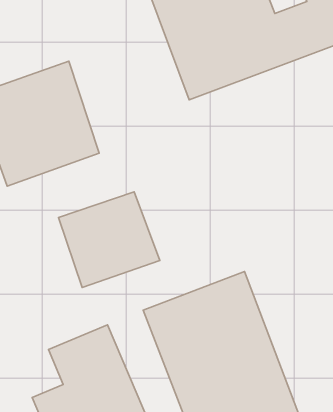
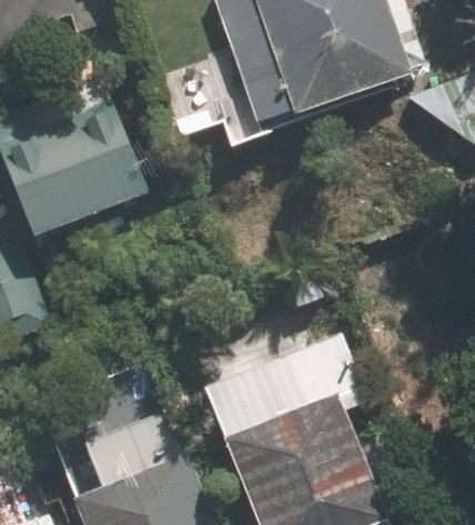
building: [59,192,160,287] -> none

